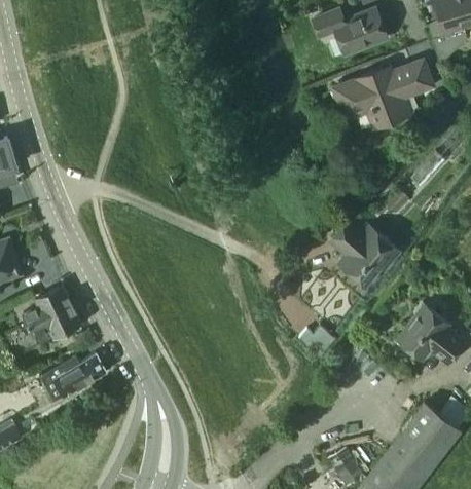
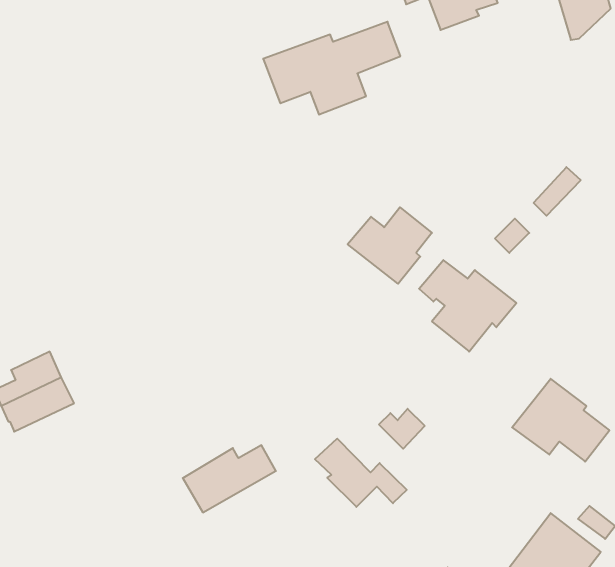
building: [333,61,432,127] -> [263,22,400,115]
building: none -> [348,207,432,284]
building: none -> [315,439,407,507]
building: [40,352,107,401] -> [183,445,276,512]

